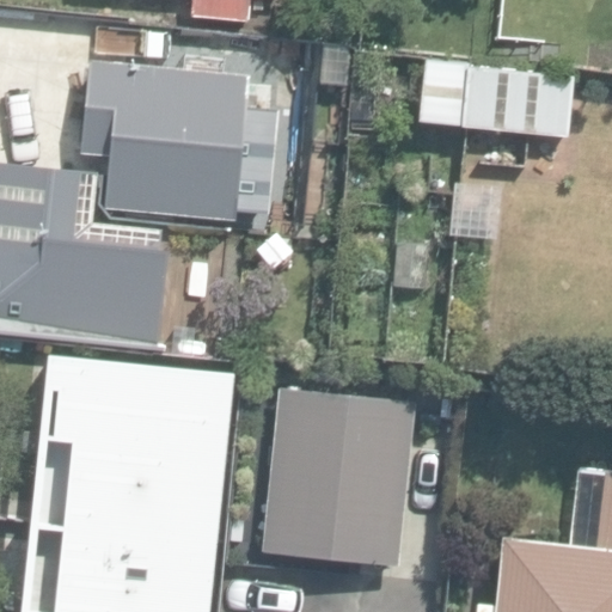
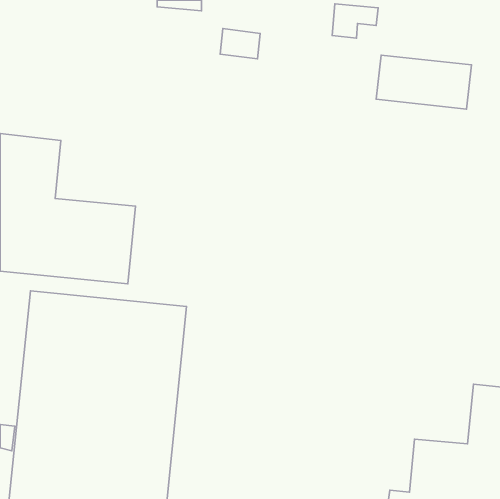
building: [82,57,276,218] -> none
building: [267,390,418,569] -> none

